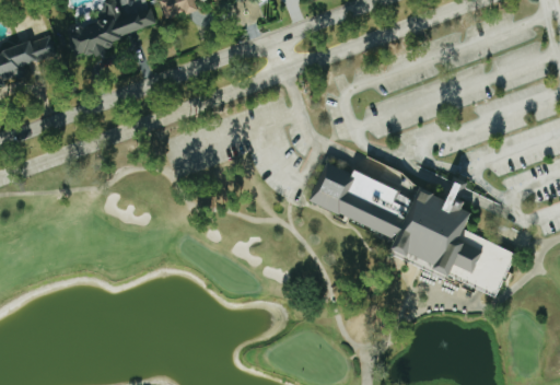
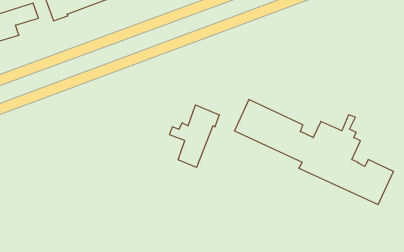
building: none -> [170,105,219,167]

